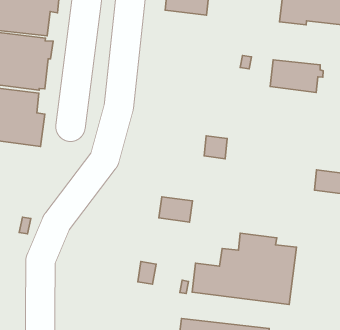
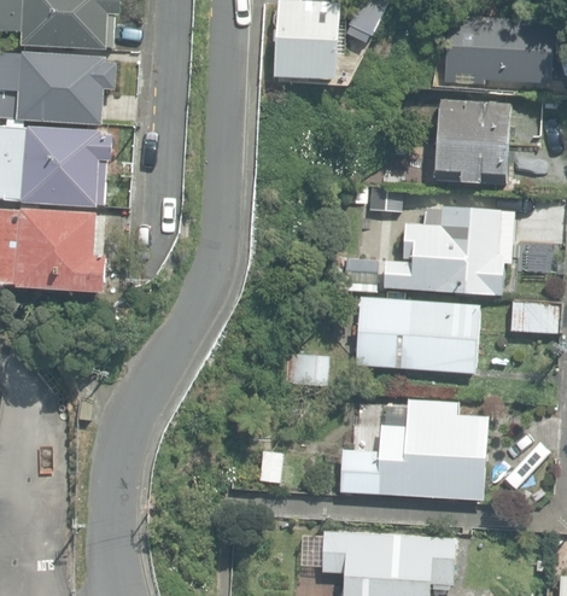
building: none -> [438,100,514,144]
building: none -> [384,208,513,296]
building: none -> [351,297,479,373]

